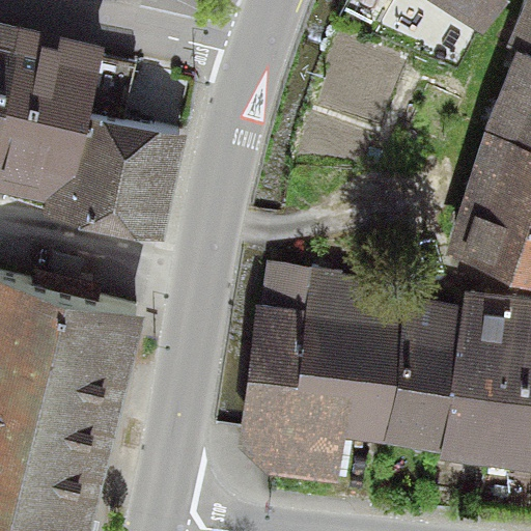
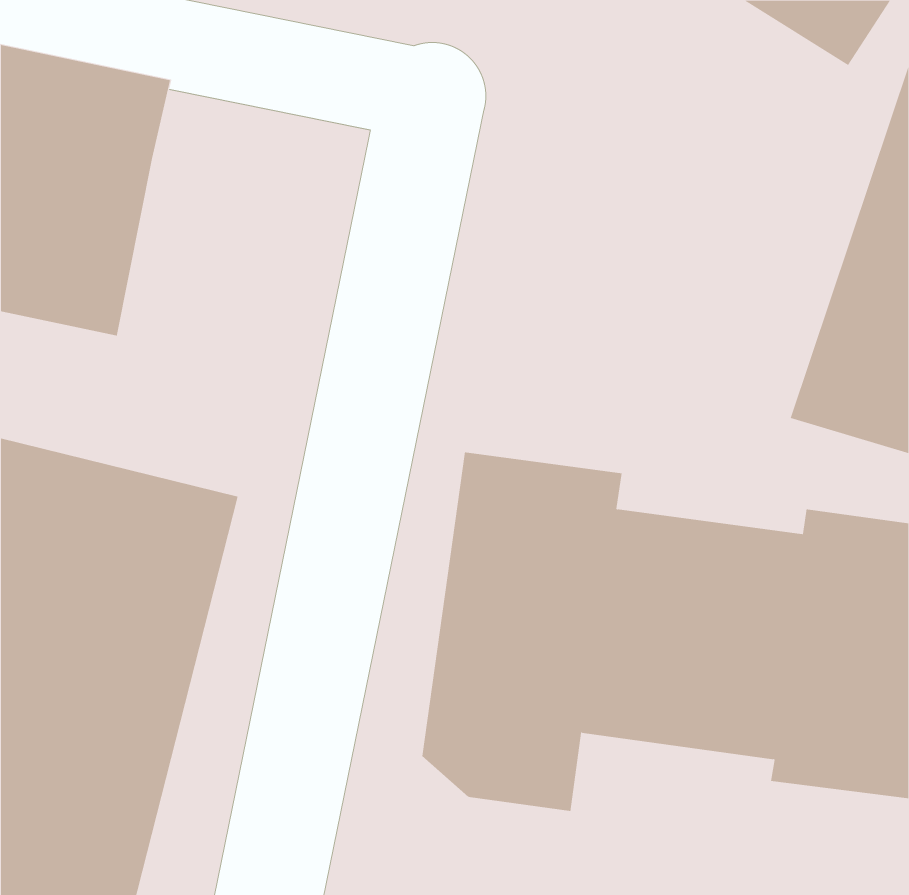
building: [66,101,187,232] -> none

